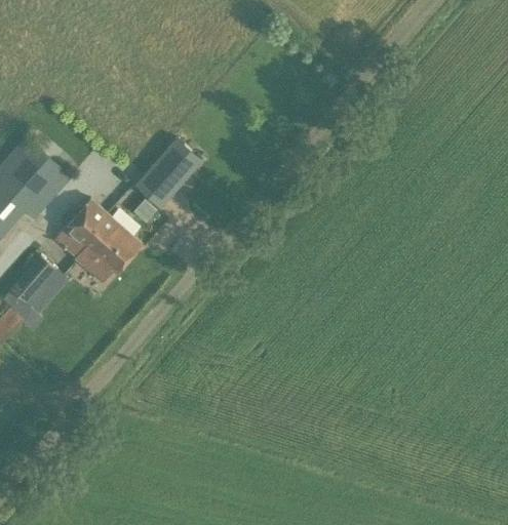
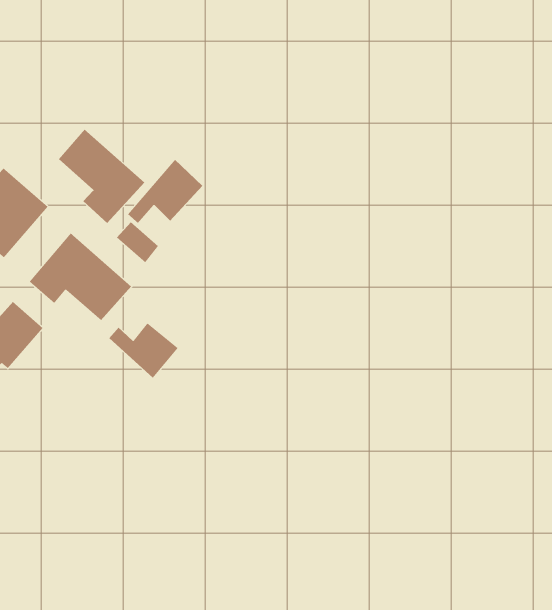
building: none -> [58,129,145,224]
building: none -> [108,322,178,379]

